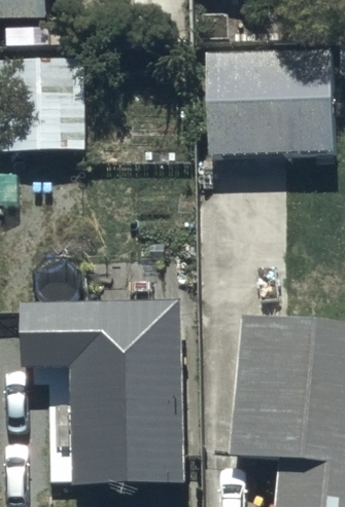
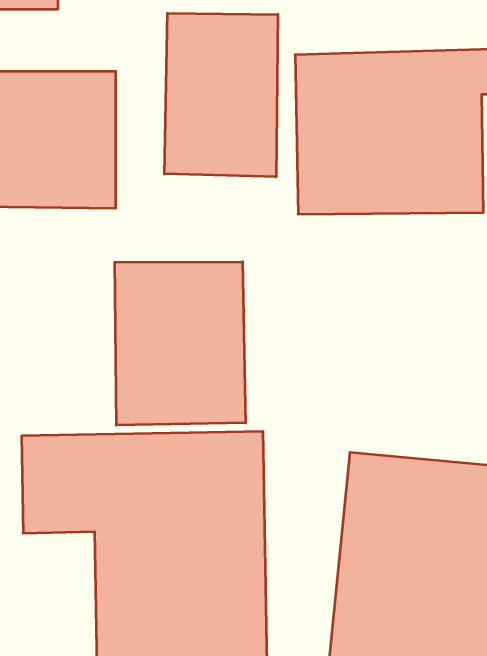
building: none -> [164,13,278,177]
building: none -> [115,262,246,425]

